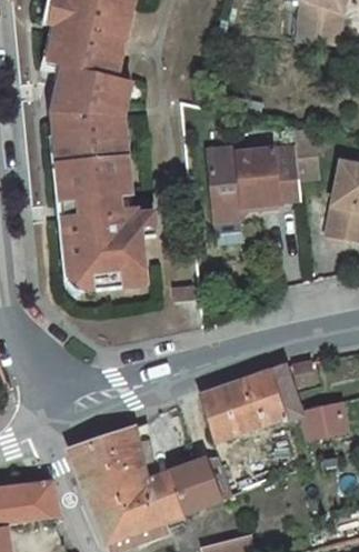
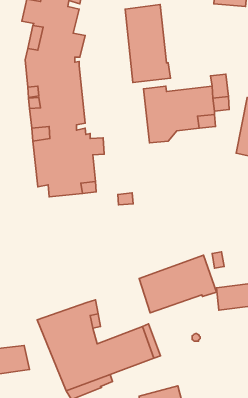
building: none -> [125,5,170,82]

